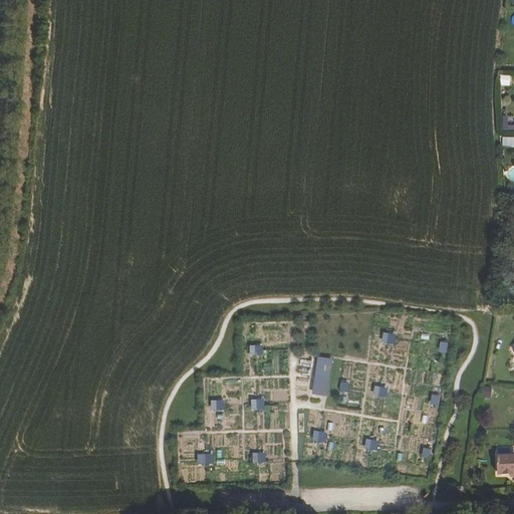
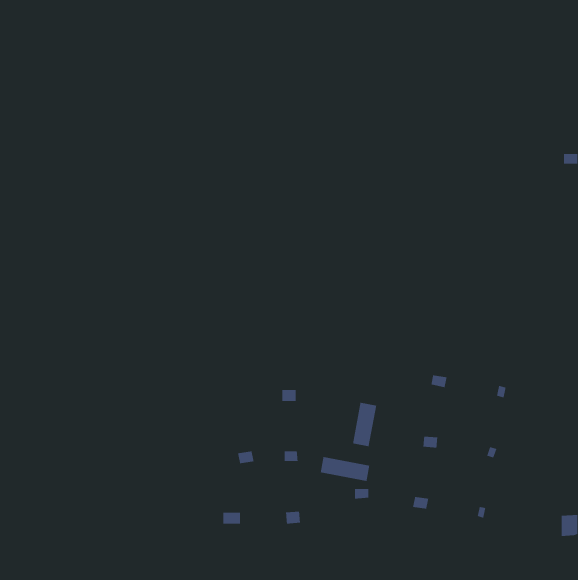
building: none -> [320,456,370,482]

